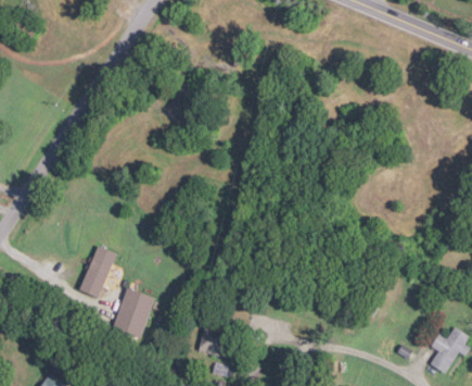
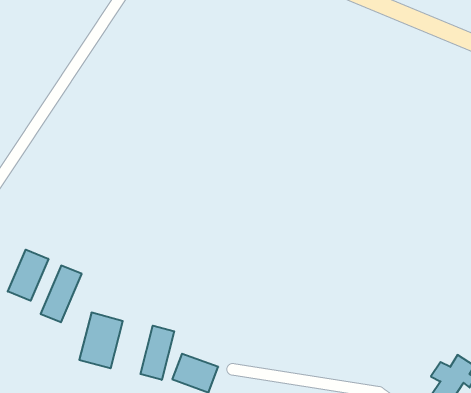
building: none -> [8,250,48,301]
building: none -> [140,326,174,380]

